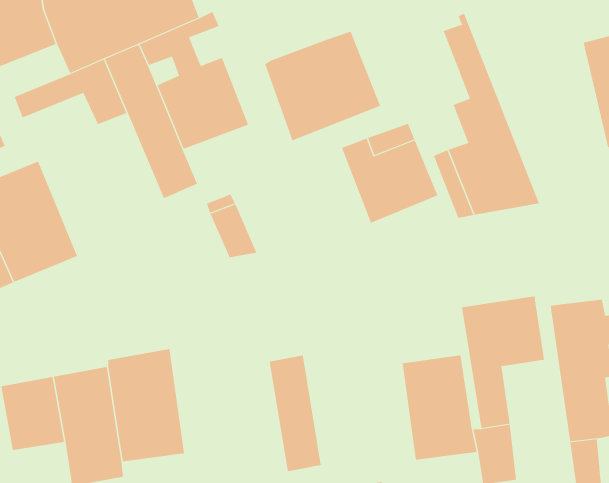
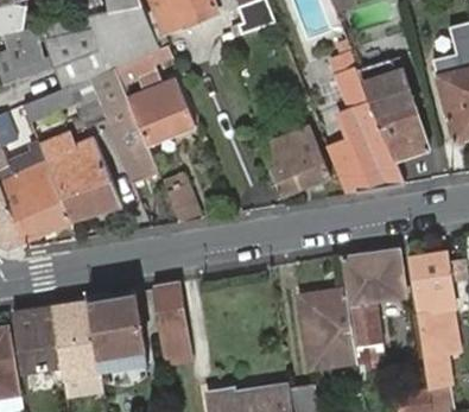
building: [265,31,381,141] -> none
building: none -> [357,58,427,158]
building: none -> [39,134,121,220]
building: [269,355,322,472] -> [151,279,189,363]

